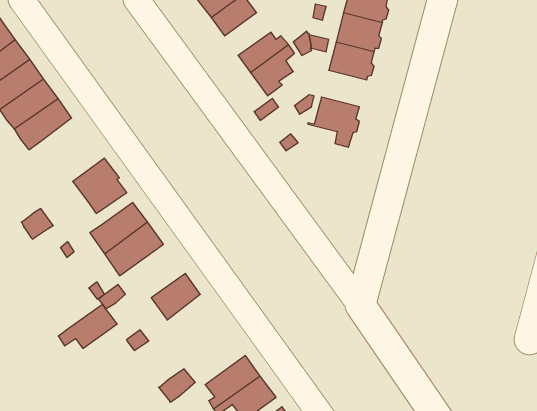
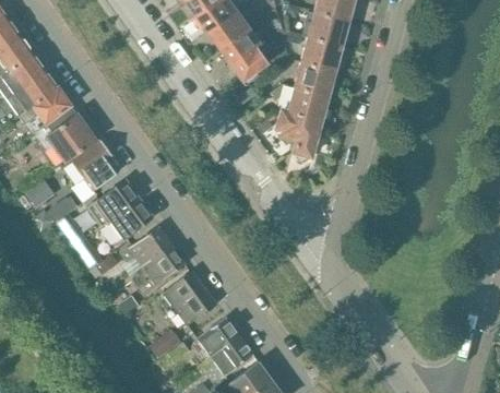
building: none -> [207,12,249,50]
building: none -> [294,63,334,96]
building: none -> [44,106,96,163]
building: none -> [276,111,320,162]
building: none -> [162,272,216,325]
building: [58,304,117,348] -> [120,227,172,266]

